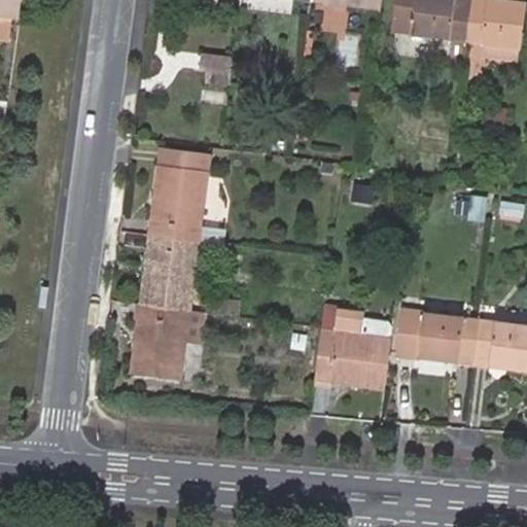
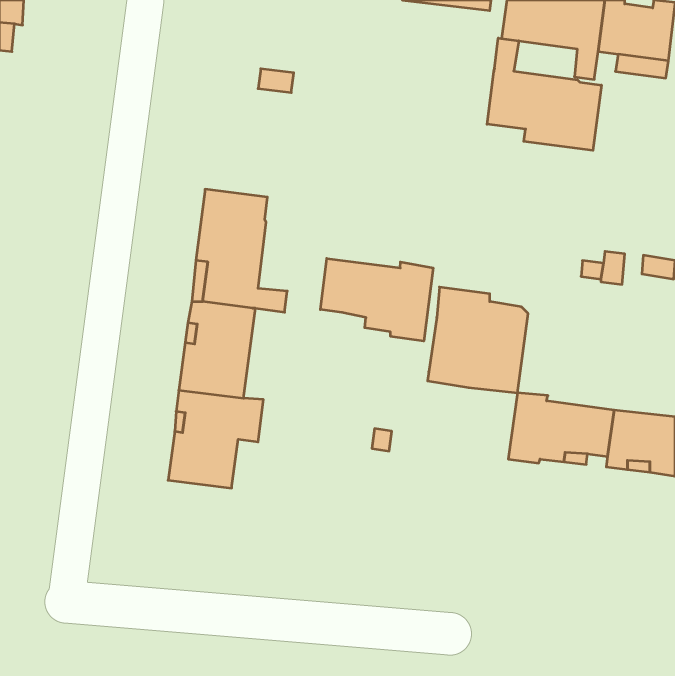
building: none -> [487,38,601,150]
building: none -> [320,258,433,341]
building: [313,307,391,389] -> [428,287,528,393]

